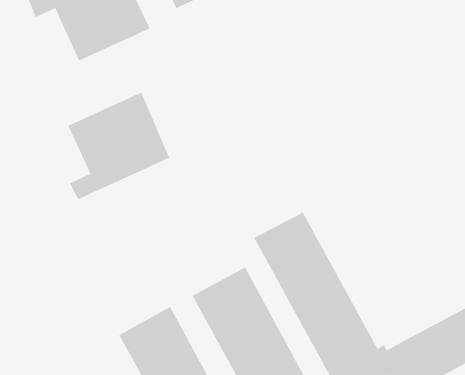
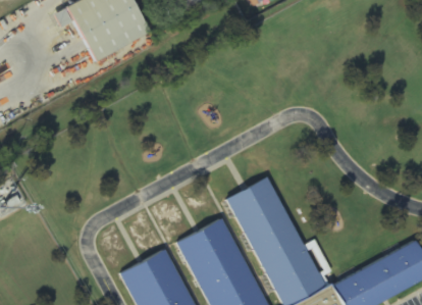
building: [67,91,170,200] -> none

